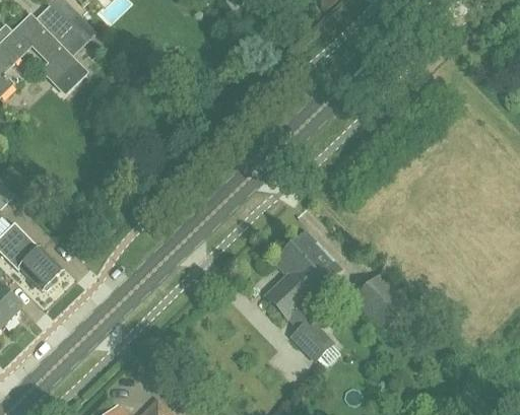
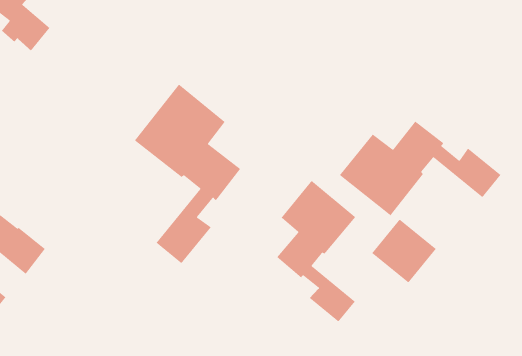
building: none -> [134,84,241,264]
building: none -> [339,120,501,216]

